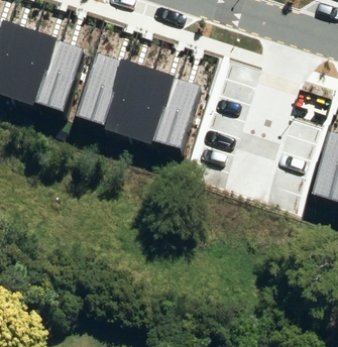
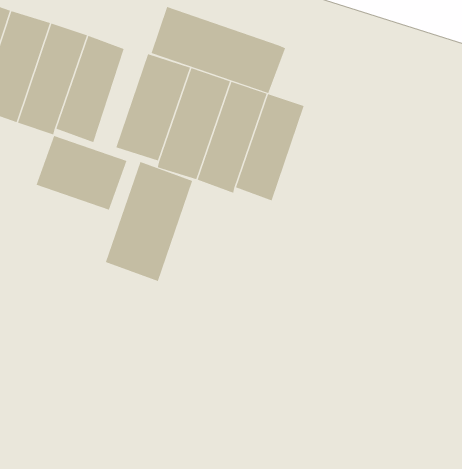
building: none -> [151,6,286,94]
building: none -> [36,135,127,210]
building: none -> [105,161,193,282]

